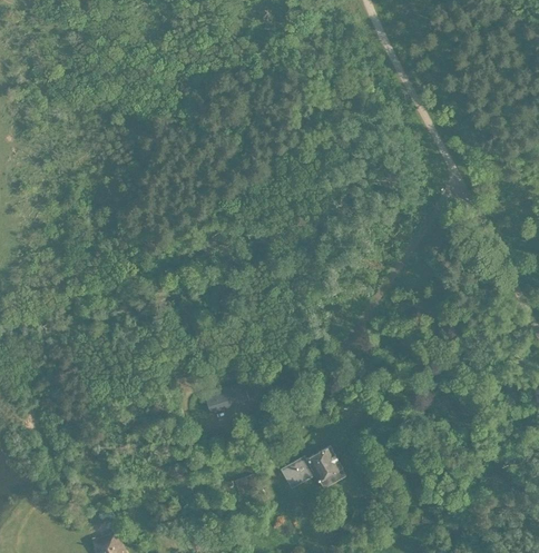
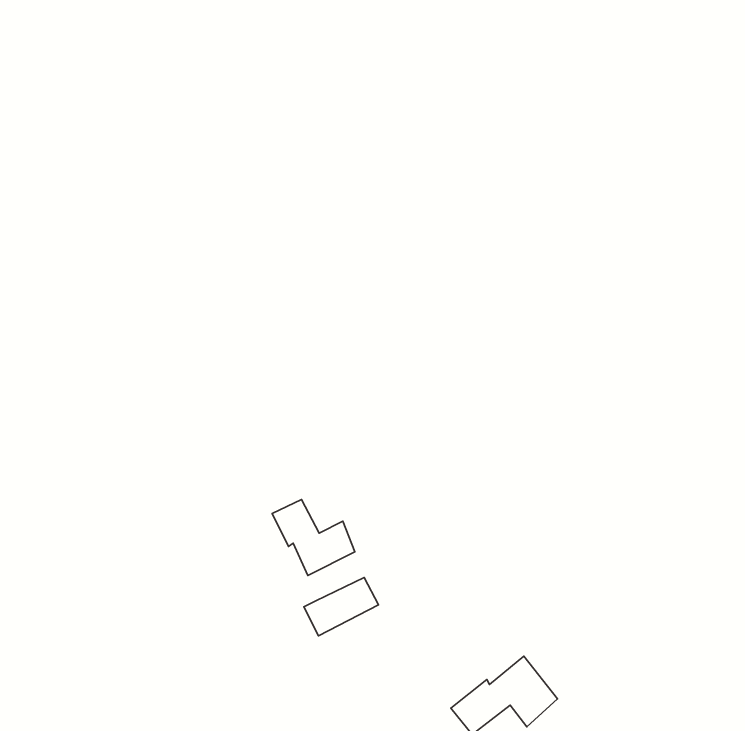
building: none -> [272,499,355,575]

